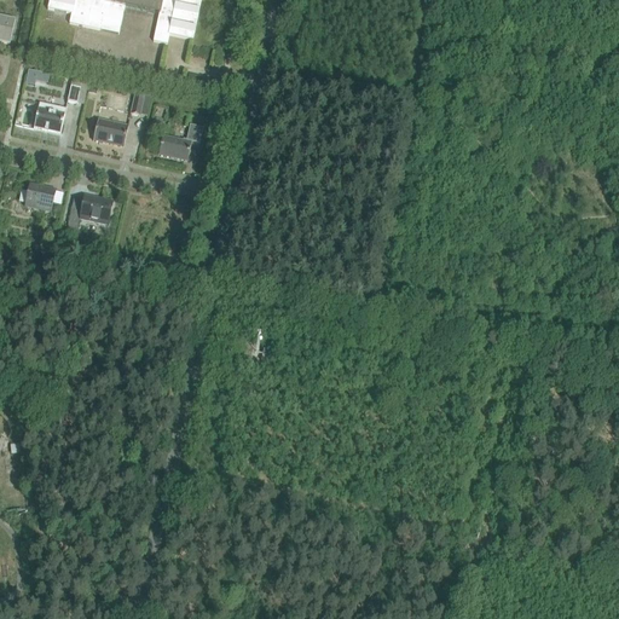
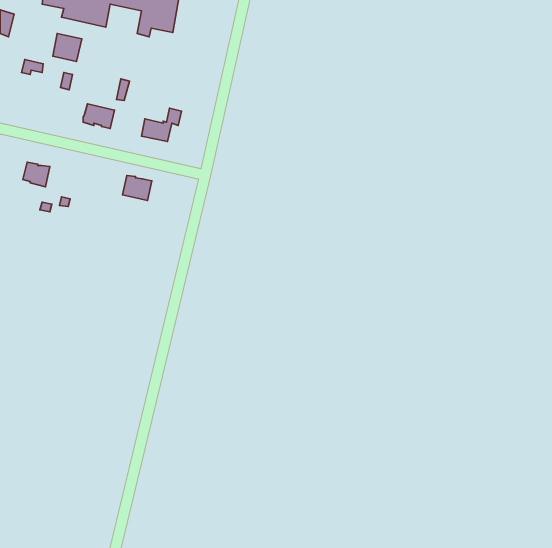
building: [34,99,66,131] -> [53,33,82,62]
building: [80,193,112,221] -> [123,176,152,200]

